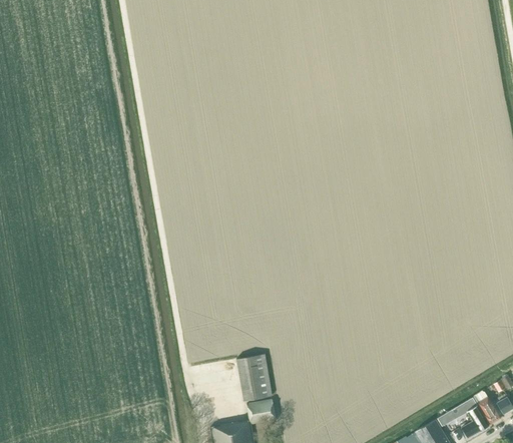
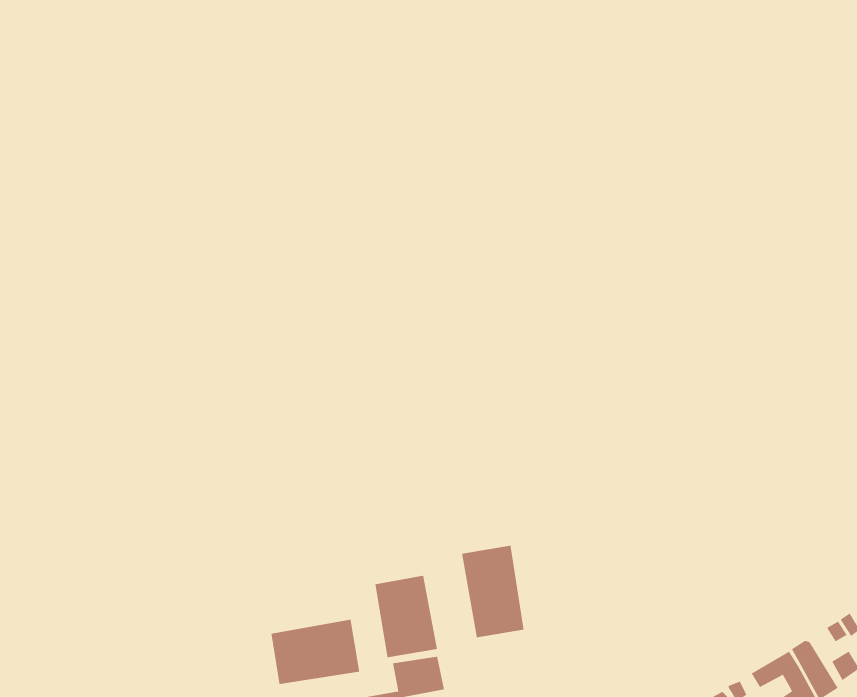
building: none -> [462,545,524,638]
building: none -> [271,619,360,685]

